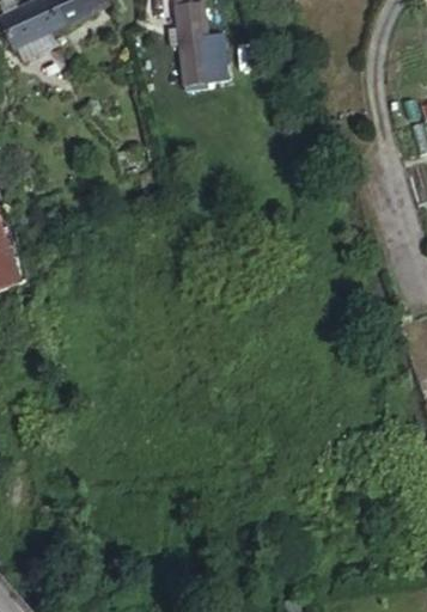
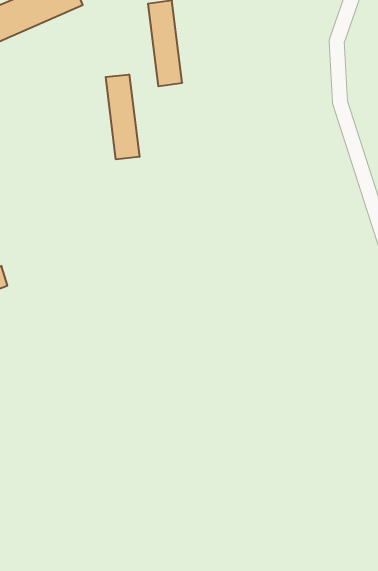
building: none -> [106,74,139,159]

